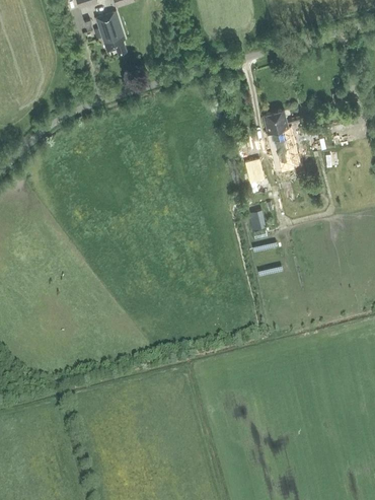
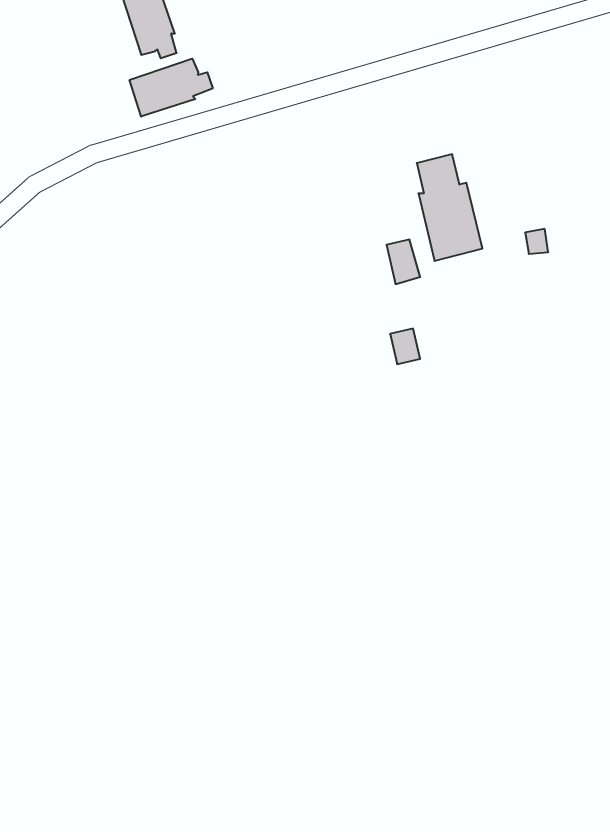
building: none -> [130,59,213,117]

